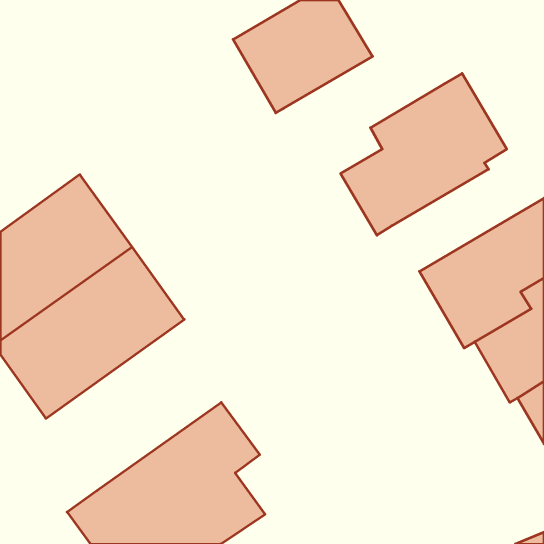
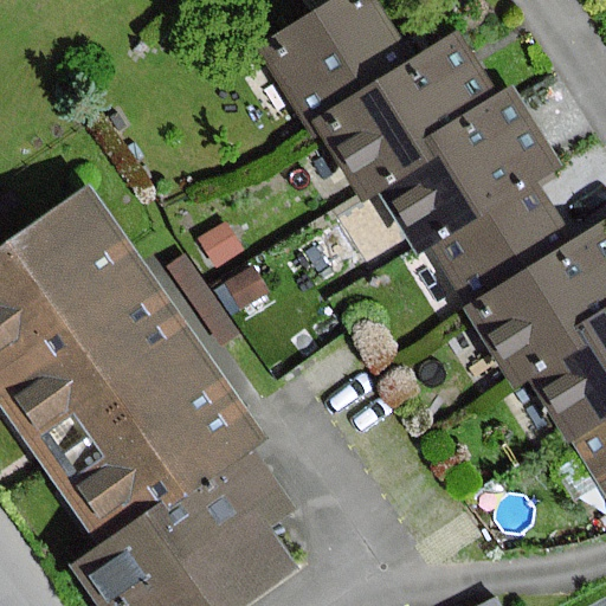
building: none -> [315,36,494,202]
building: none -> [436,188,573,302]
building: none -> [51,355,263,546]

